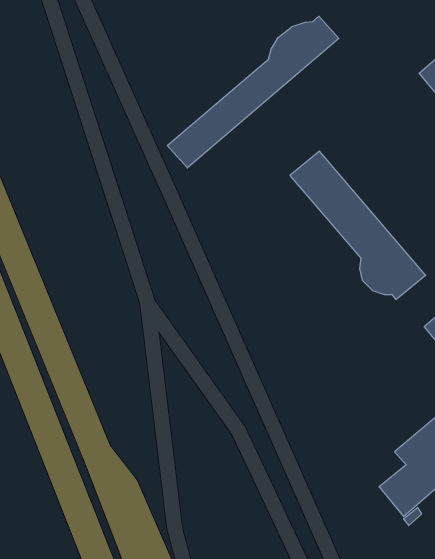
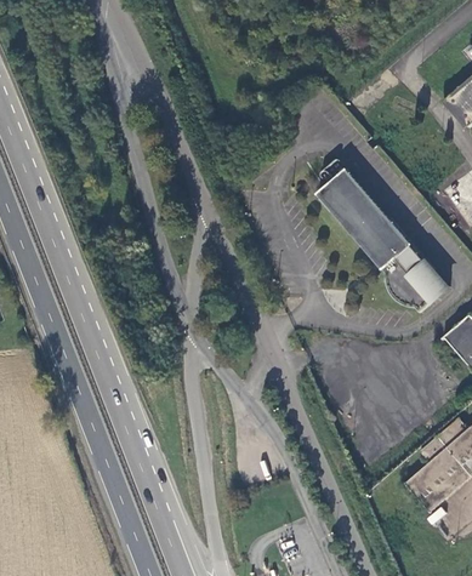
building: [167,16,339,168] -> none

